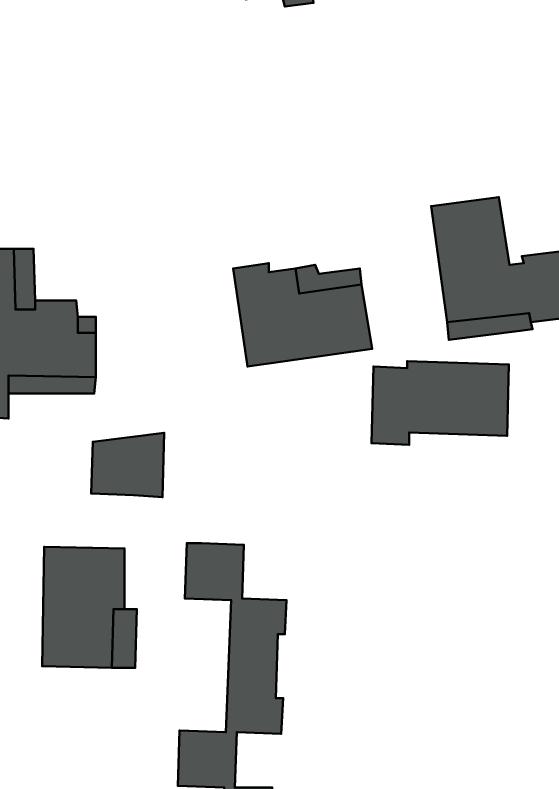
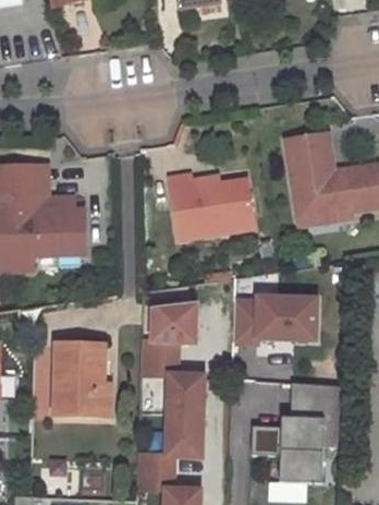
building: [372,361,509,445] -> [234,296,318,347]
building: [91,433,164,497] -> [150,305,195,345]
building: none -> [252,384,340,483]

